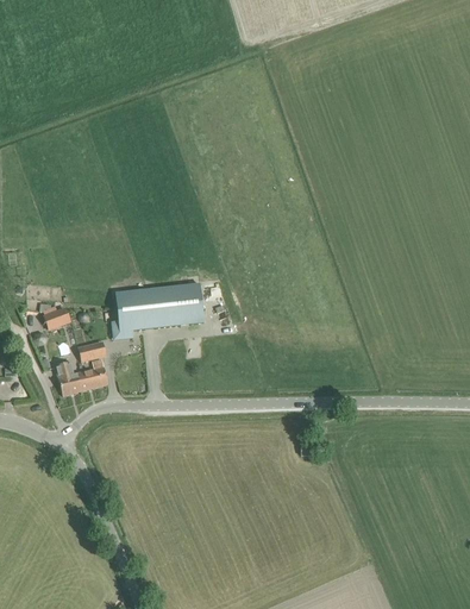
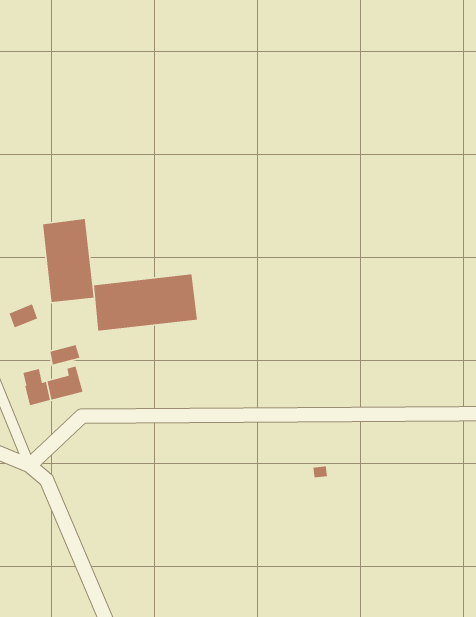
building: none -> [42,218,94,303]

